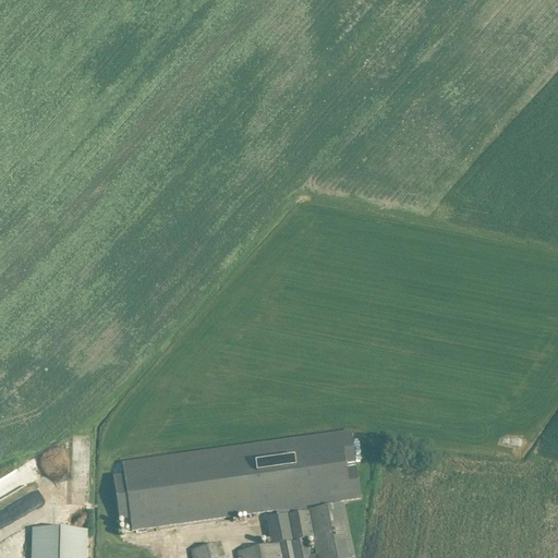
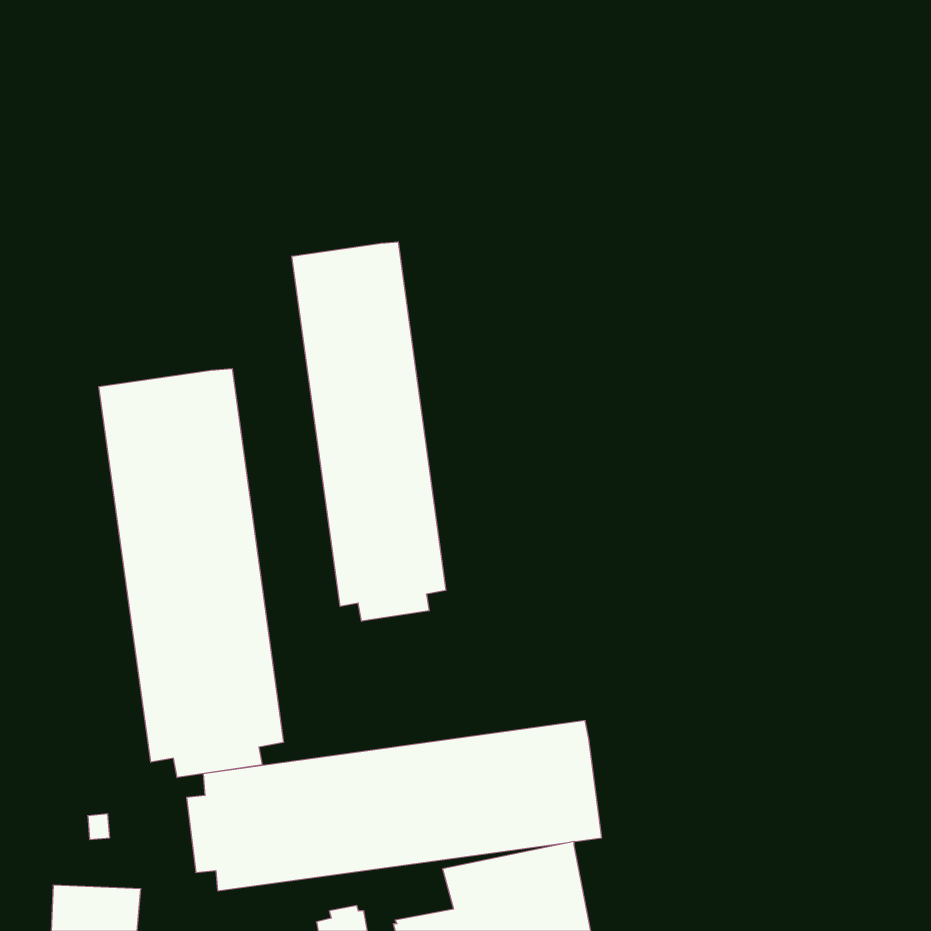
building: none -> [292,242,446,621]
building: none -> [99,369,284,778]

